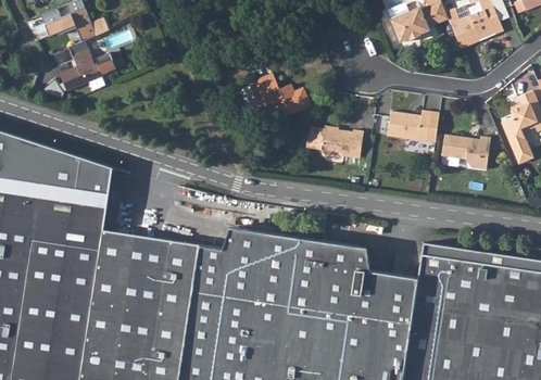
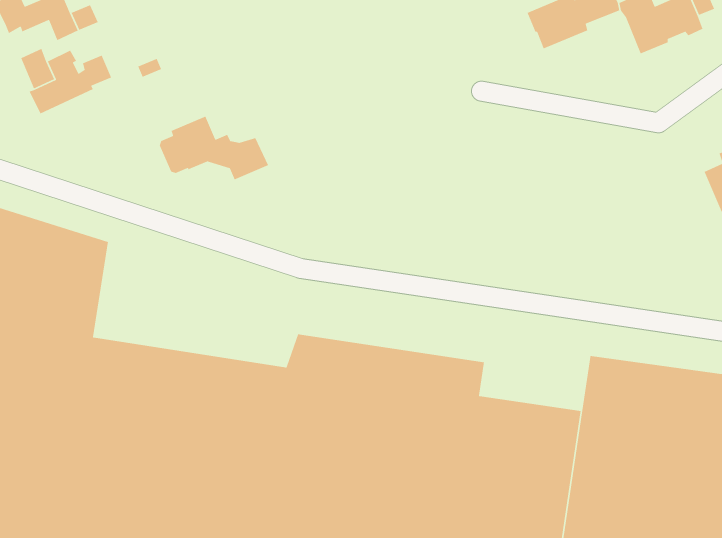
building: [240,73,312,115] -> [159,115,269,181]
building: [385,110,438,141] -> none
building: [303,127,361,160] -> none
building: [437,137,489,173] -> none

